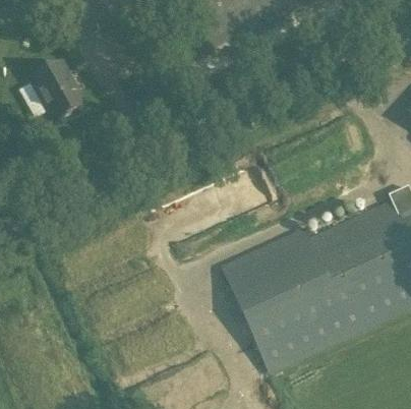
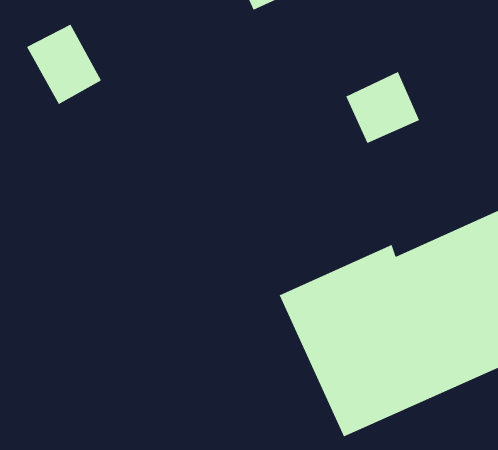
building: none -> [345,71,420,144]

